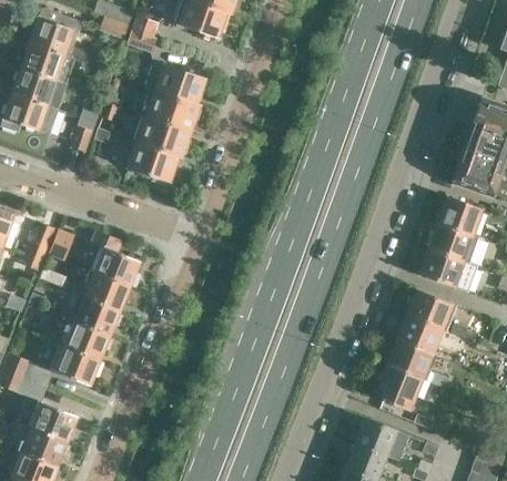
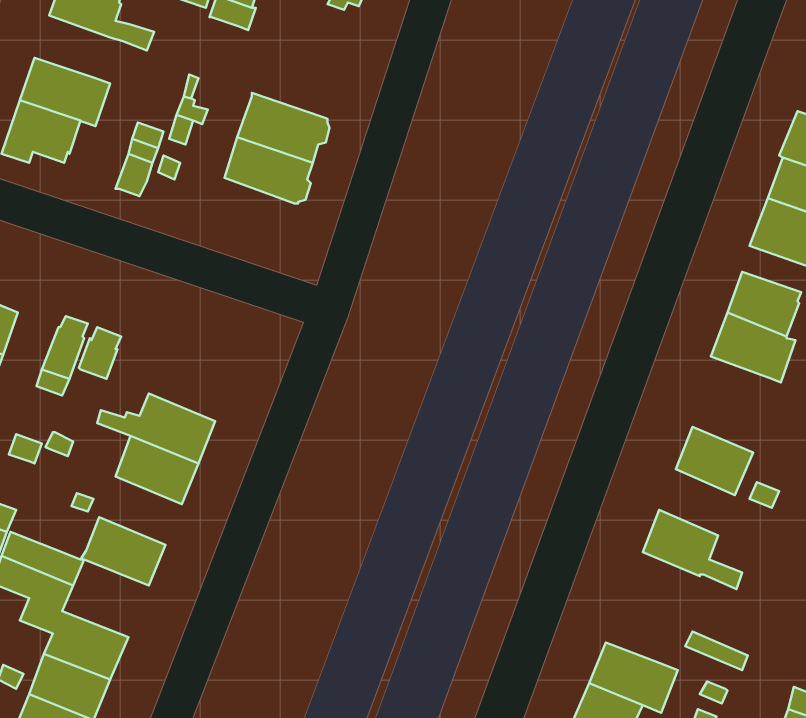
building: [21,42,67,80] -> none
building: [141,61,203,103] -> none
building: [129,140,178,184] -> none
building: [84,225,140,286] -> none
building: [418,247,477,291] -> none
building: [397,315,457,362] -> none
building: [60,319,110,360] -> none
building: [377,365,424,411] -> none

